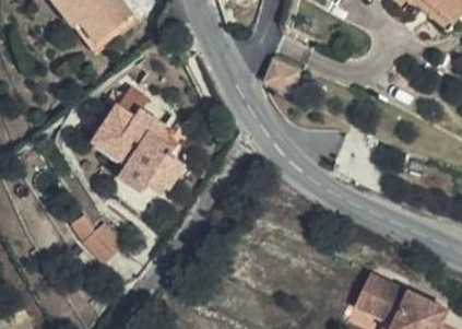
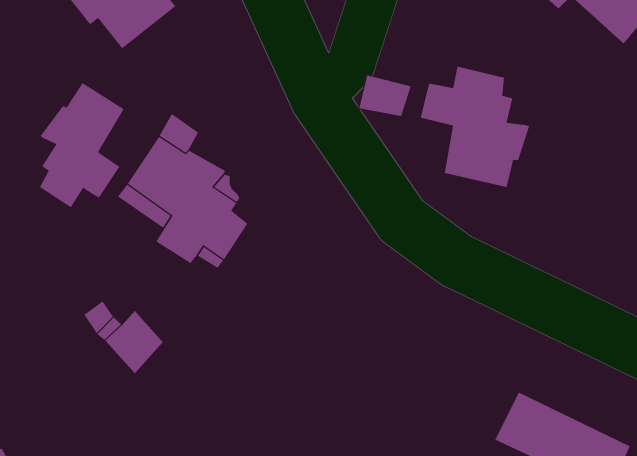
building: none -> [420,66,530,188]
building: none -> [39,82,125,208]

